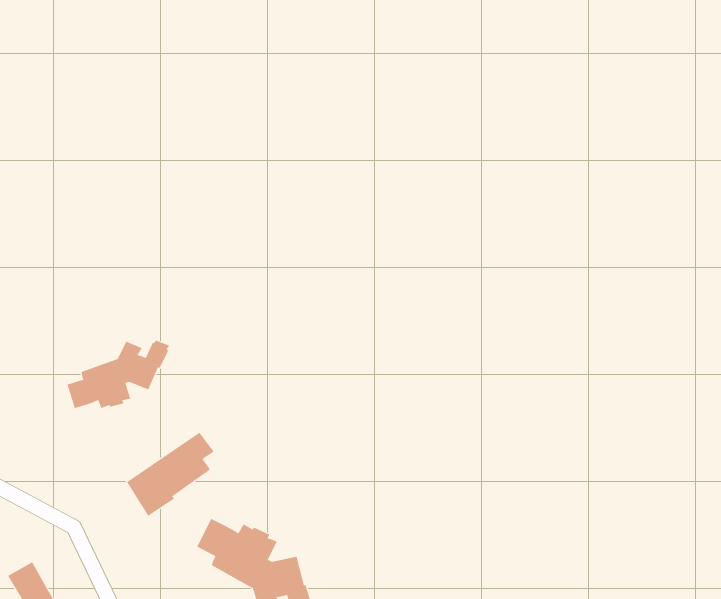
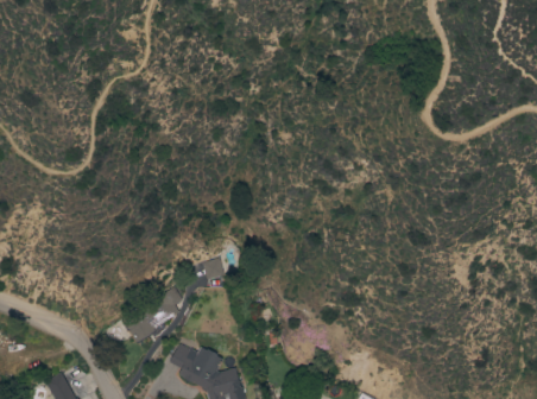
building: [67,340,170,409] -> none
building: none -> [192,256,226,287]

